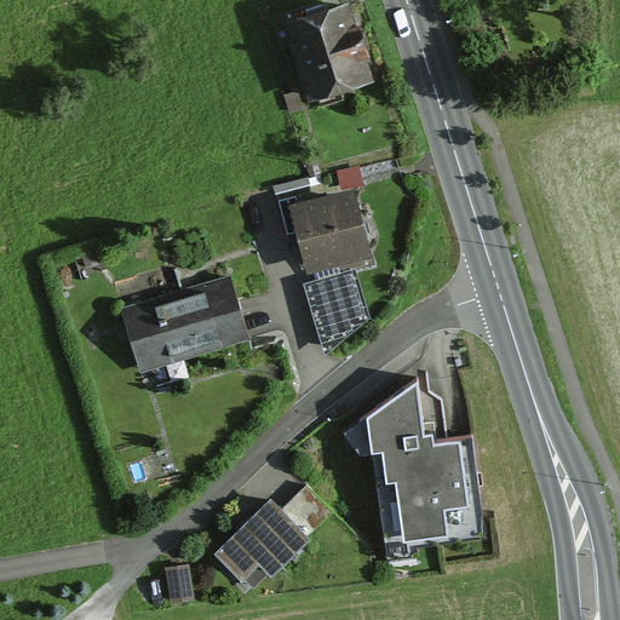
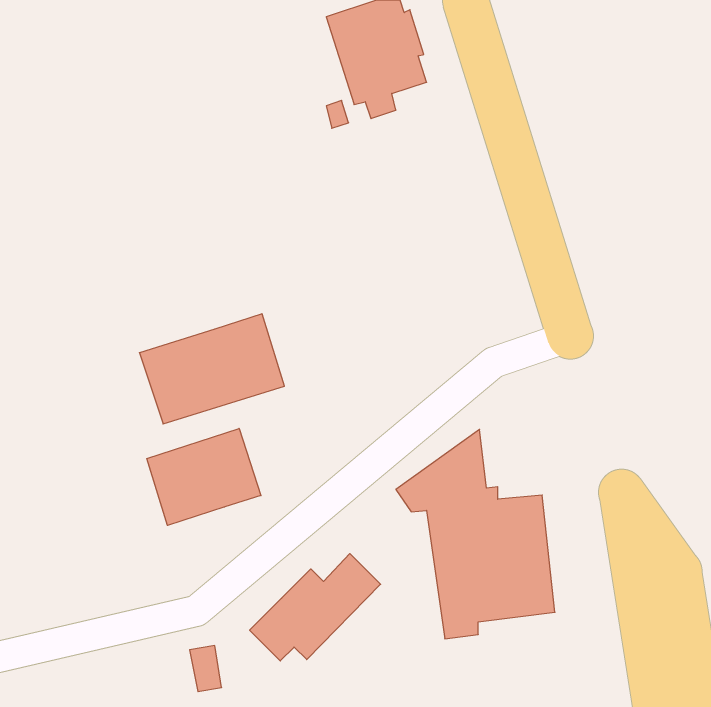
building: [279,186,367,268] -> none
building: [302,270,367,356] -> none
building: none -> [147,428,261,525]

